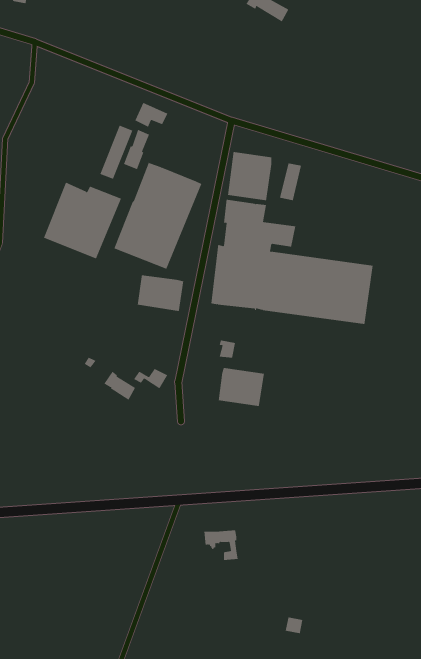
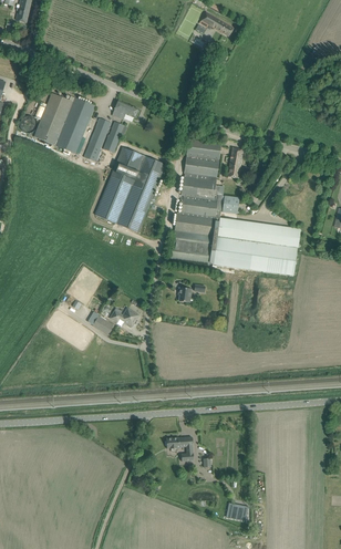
building: [43,182,122,259] -> [33,92,95,153]
building: [137,274,184,312] -> none
building: [218,367,264,407] -> none

